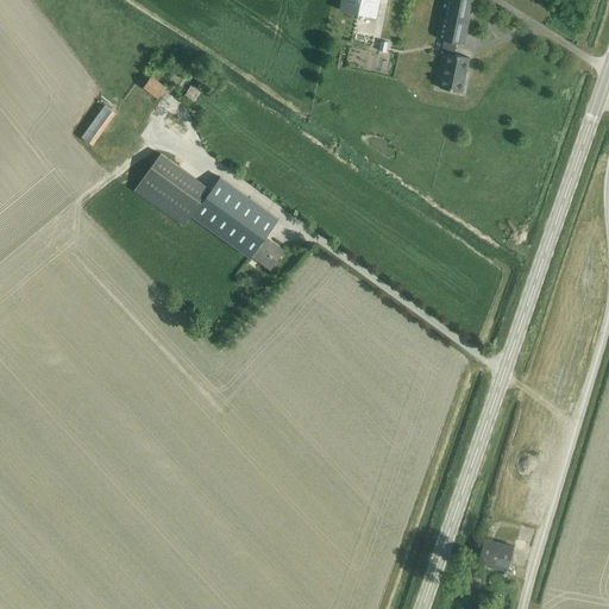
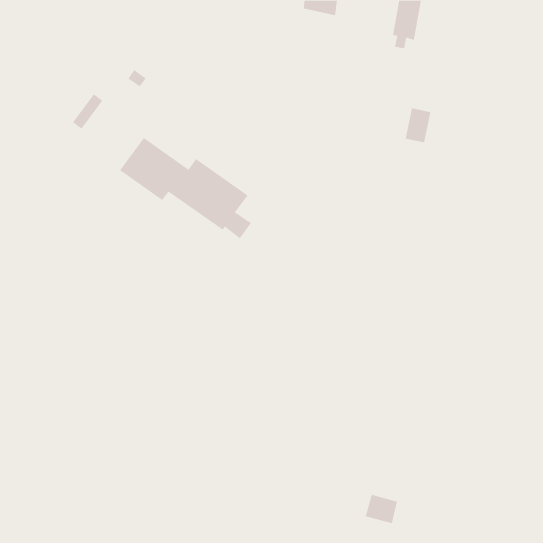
building: [439,54,469,93] -> [405,108,431,143]
building: [477,539,514,572] -> [365,494,398,524]

